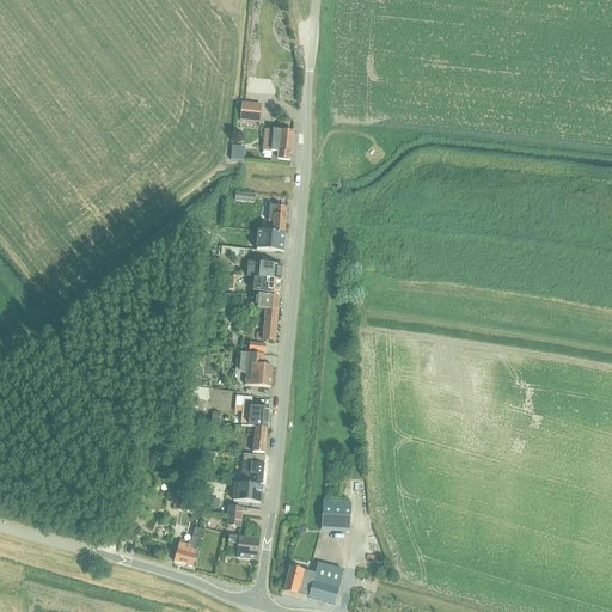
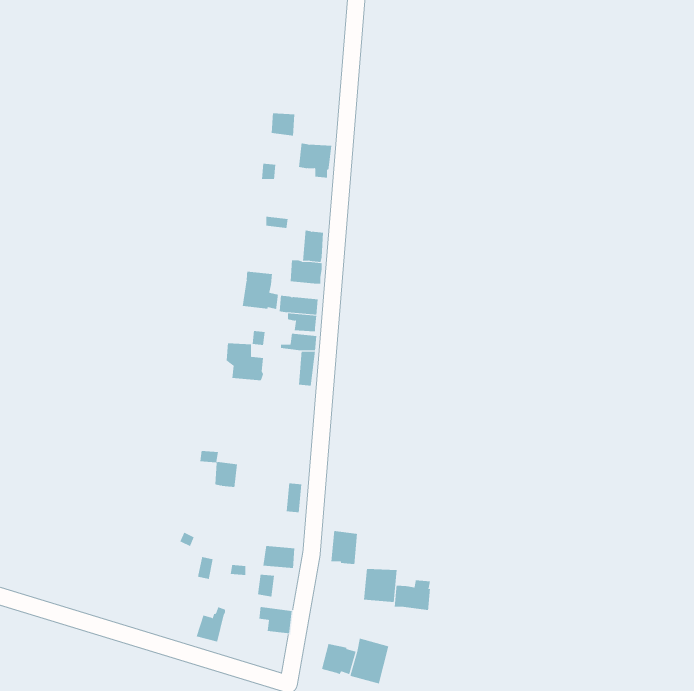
building: none -> [242,271,278,310]
building: [238,351,271,385] -> [226,343,264,381]
building: [234,393,268,426] -> [200,451,238,487]
building: [239,451,263,481] -> [331,531,358,565]
building: none -> [394,580,431,611]

